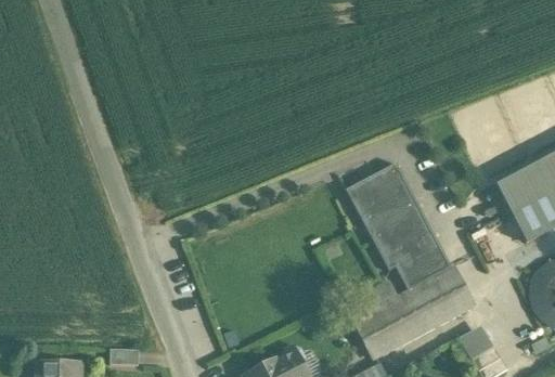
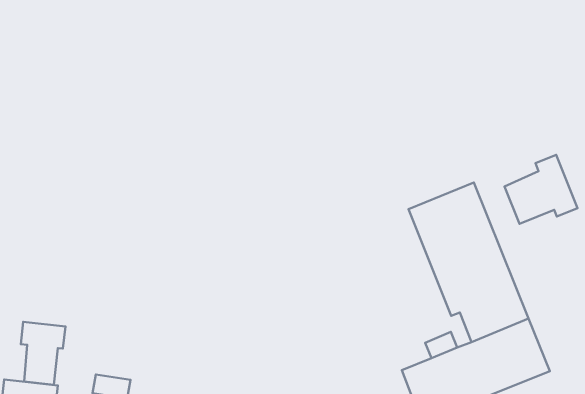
building: none -> [505,155,578,224]
building: none -> [21,322,65,385]

